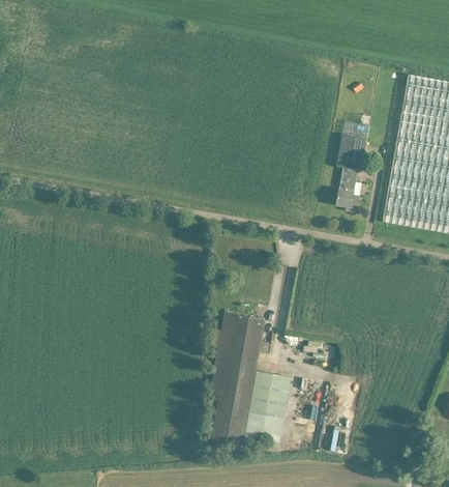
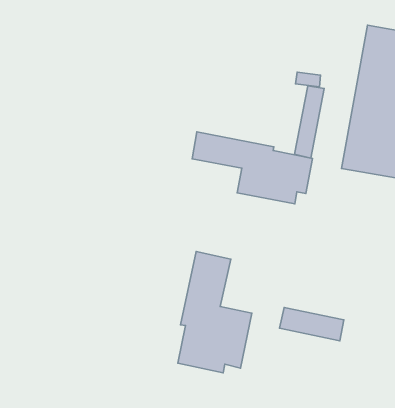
building: none -> [192,132,313,204]
building: none -> [280,308,344,341]

